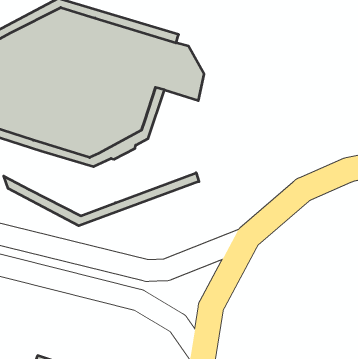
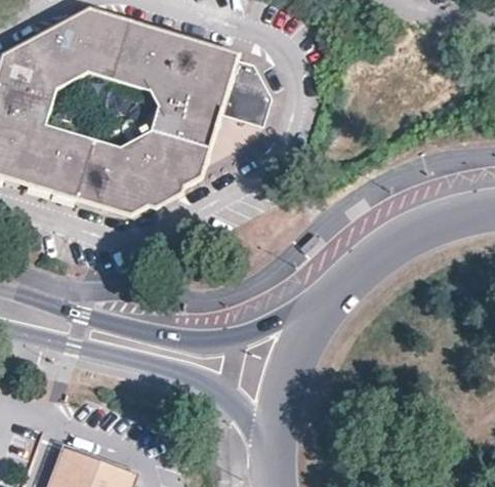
building: [4,173,199,226] -> none

